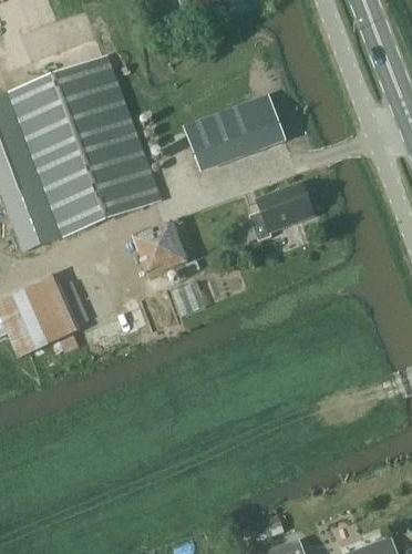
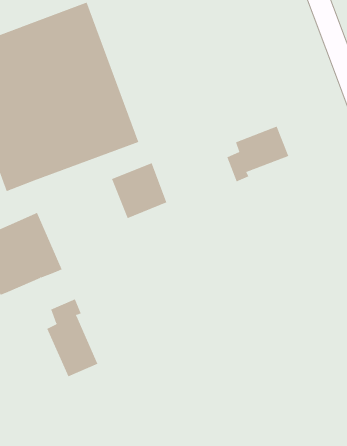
building: [185,94,284,166] -> none
building: none -> [47,299,98,377]

